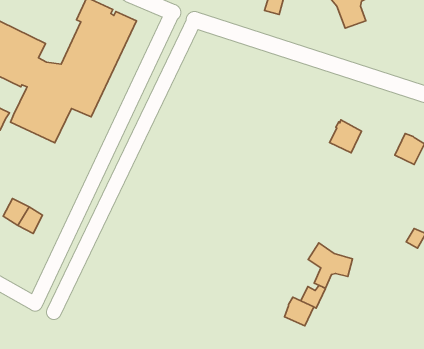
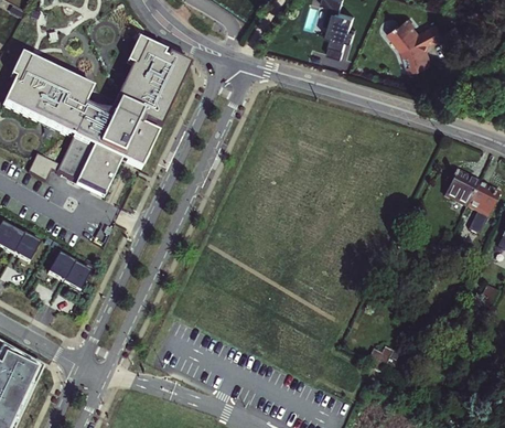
building: [330,120,362,153] -> [442,172,476,207]
building: [308,243,352,288] -> none
building: [285,297,314,326] -> none

